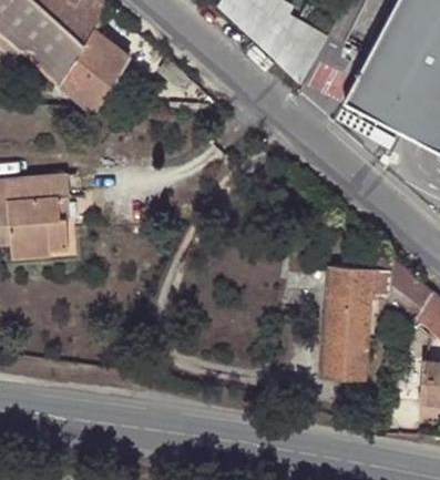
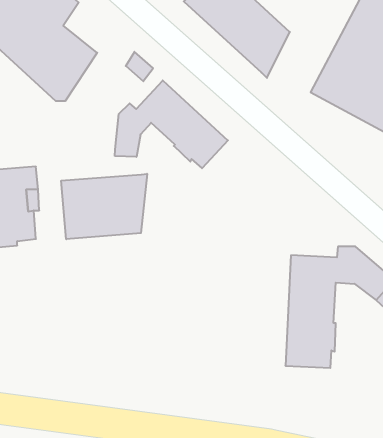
building: none -> [115,80,228,168]
building: none -> [61,174,147,239]

